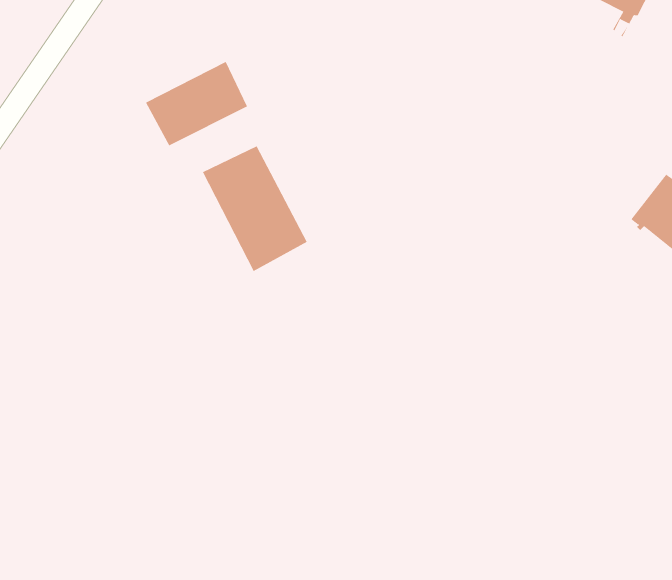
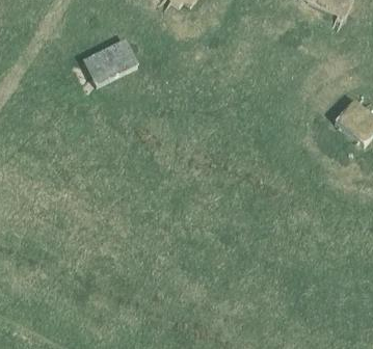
building: [202,146,307,272] -> none

